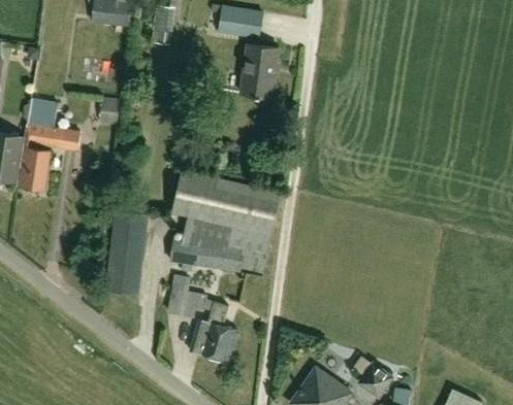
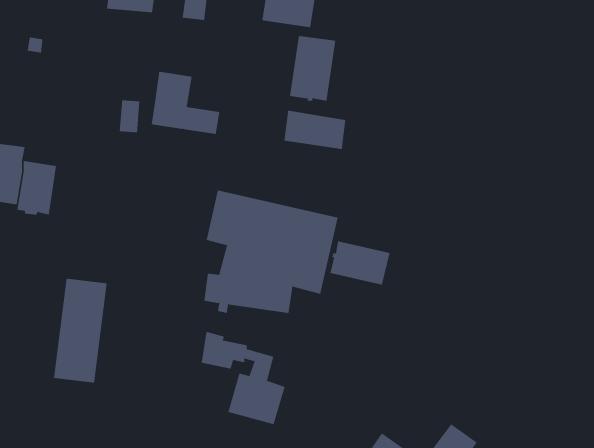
building: [24,100,81,151] -> [151,71,220,135]
building: none -> [284,110,346,150]
building: [104,208,149,294] -> [53,278,108,383]
building: none -> [330,241,390,286]

